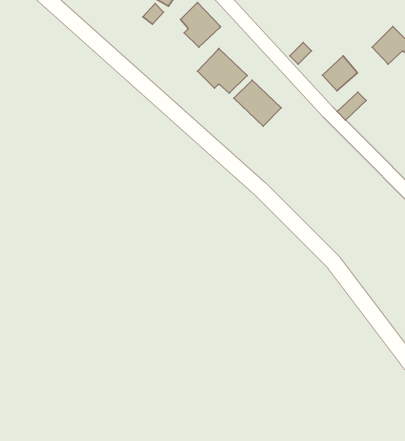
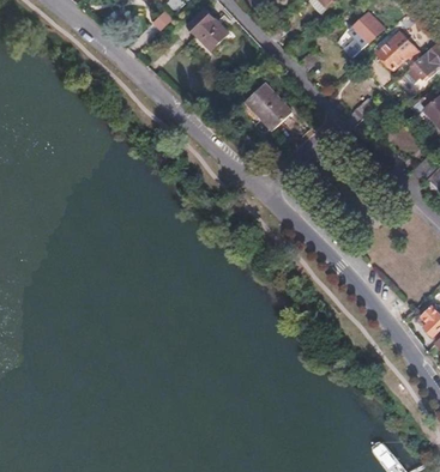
building: [197,49,247,93] -> none
building: [322,56,358,91] -> [349,12,384,47]

